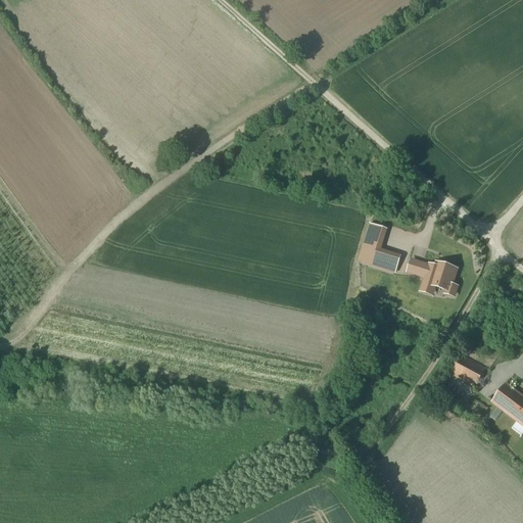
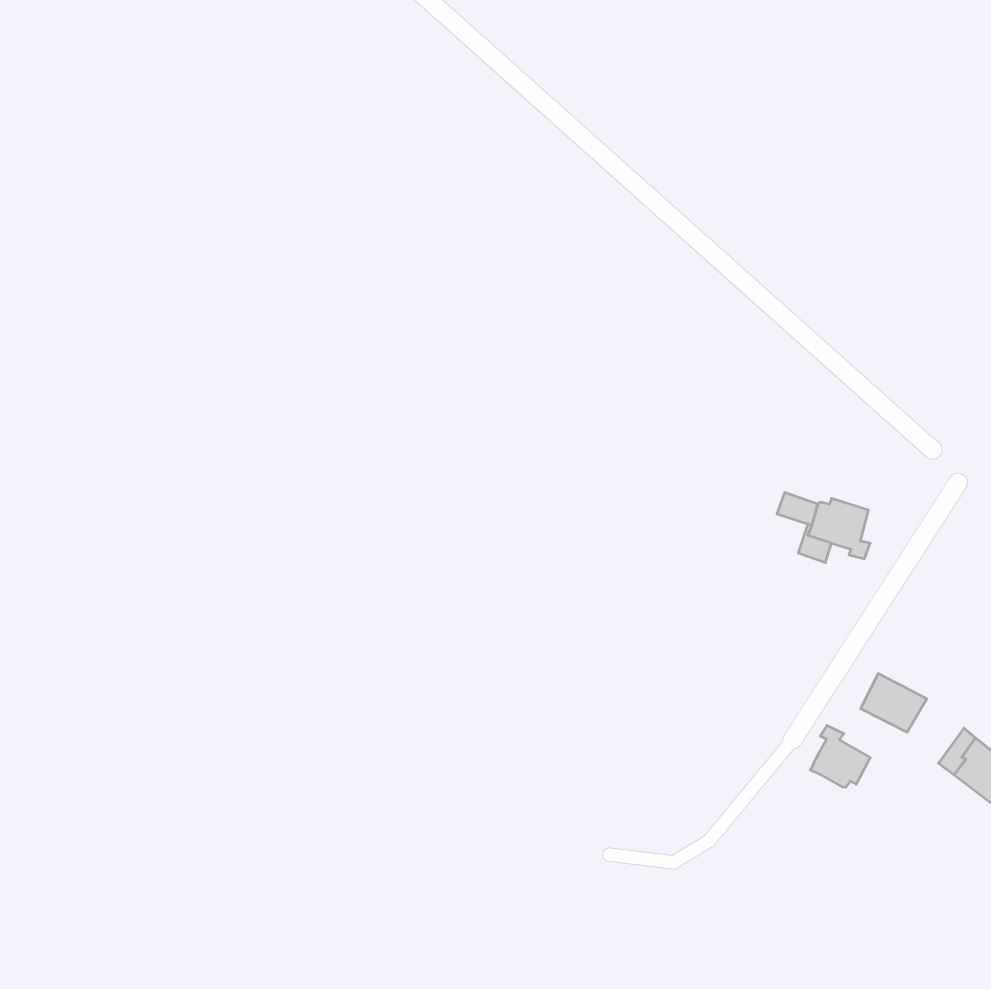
building: [361,223,401,271] -> none
building: none -> [810,725,870,787]

